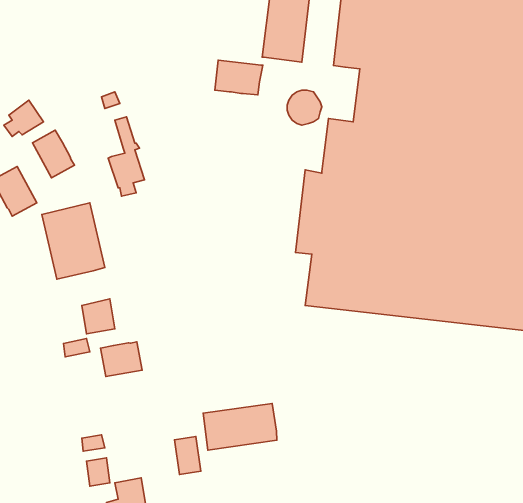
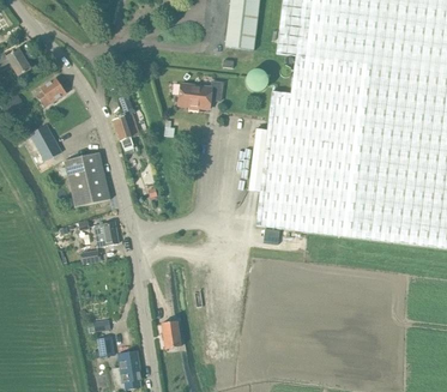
building: [215,60,263,95] -> [177,83,212,108]
building: [32,130,74,178] -> none
building: [100,342,142,377] -> none
building: [203,403,277,450] -> none

